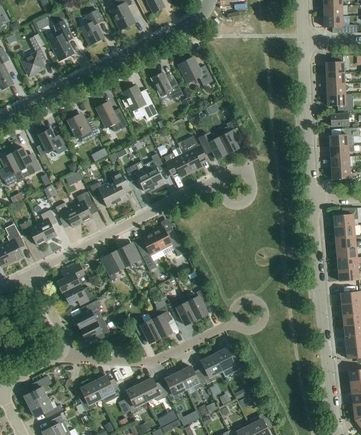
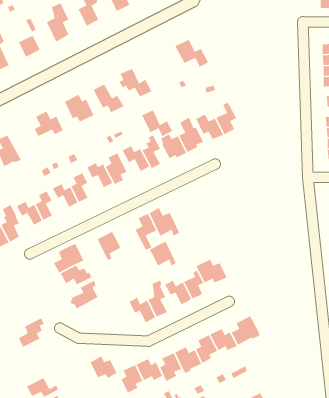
building: [151,72,183,100] -> [141,109,173,137]
building: [11,147,41,177] -> none
building: [116,241,144,267] -> [149,241,177,267]
building: none -> [195,258,228,284]
building: [80,317,110,340] -> none
building: none -> [231,315,261,346]
building: [24,375,51,406] -> [18,317,45,348]
building: [78,382,101,411] -> none

